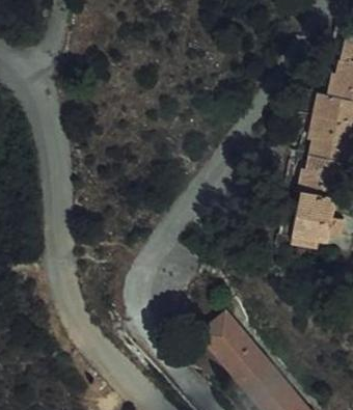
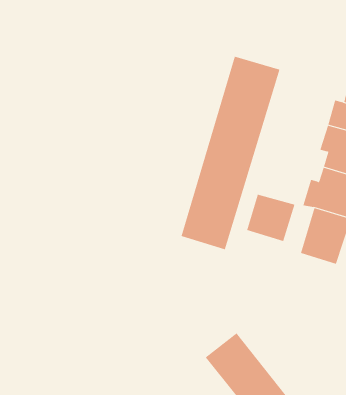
building: none -> [181,56,280,250]
building: none -> [247,194,295,242]

